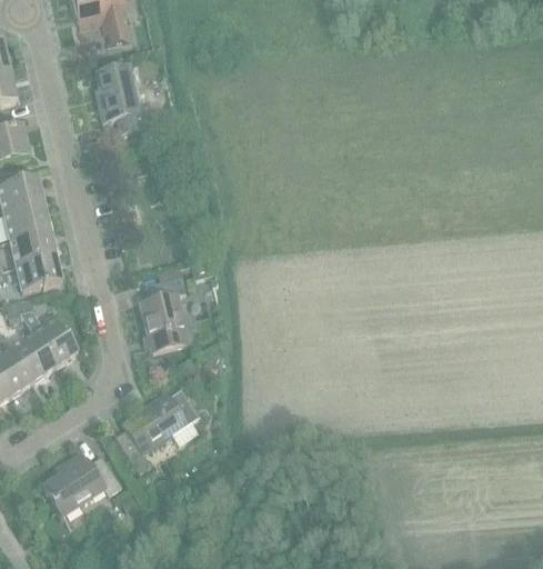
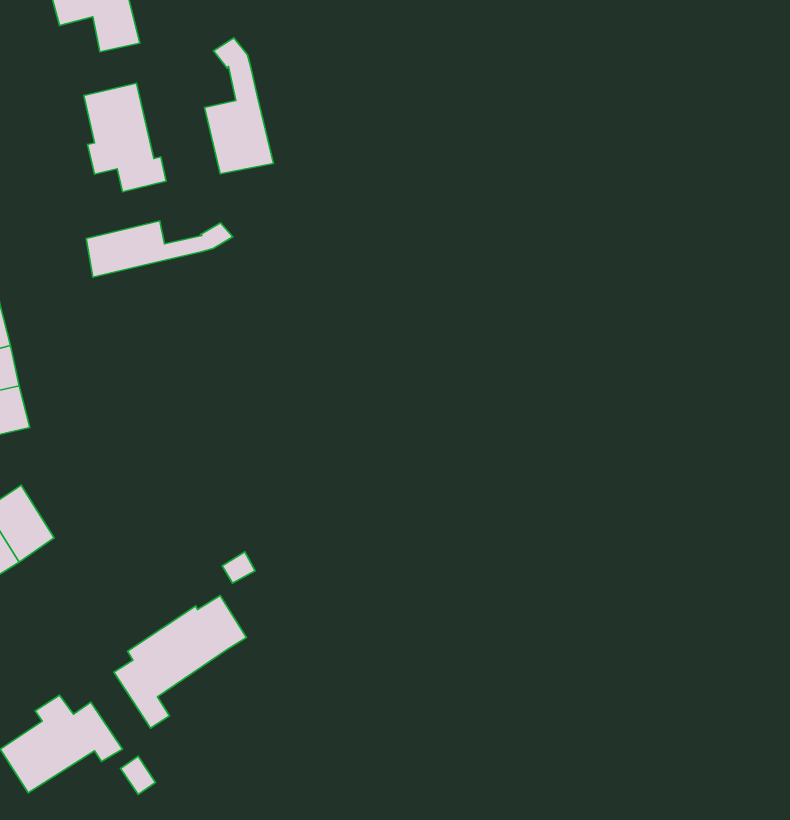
building: none -> [204,38,273,174]
building: none -> [86,221,233,277]
building: [139,277,185,352] -> none

